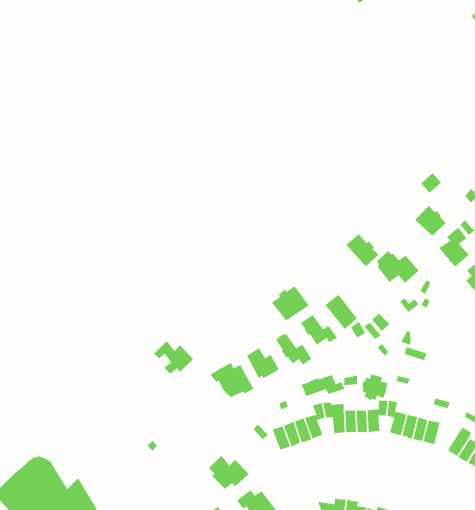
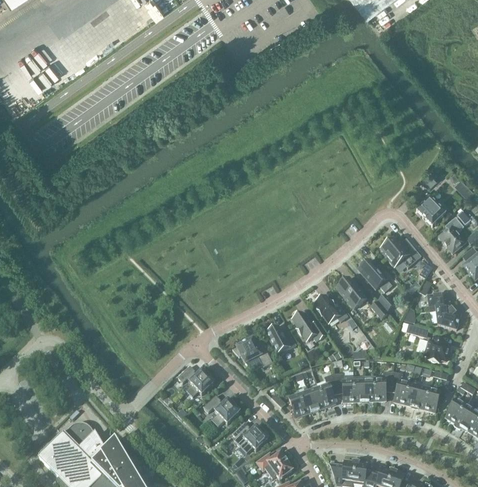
building: [346,234,379,267] -> [358,258,388,288]
building: [272,284,309,322] -> none
building: none -> [428,292,461,328]
building: [153,340,194,375] -> [178,364,214,395]
building: [362,374,388,401] -> [426,337,450,361]
building: [301,374,345,397] -> none
building: none -> [204,394,240,425]

